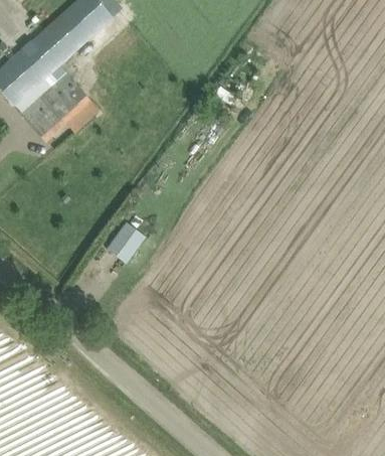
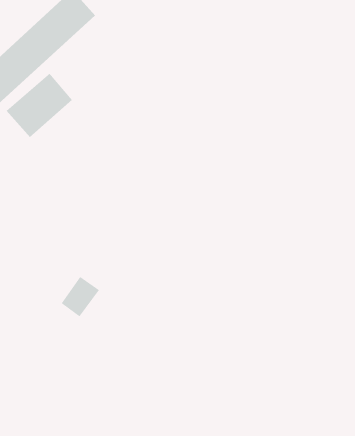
building: [108,221,147,263] -> [61,276,100,317]

